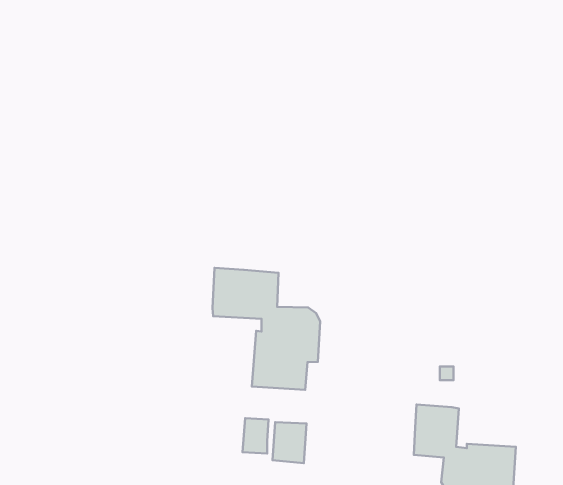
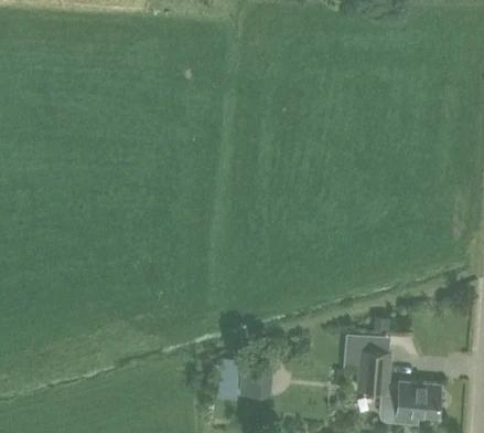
building: [212,268,320,390] -> none

